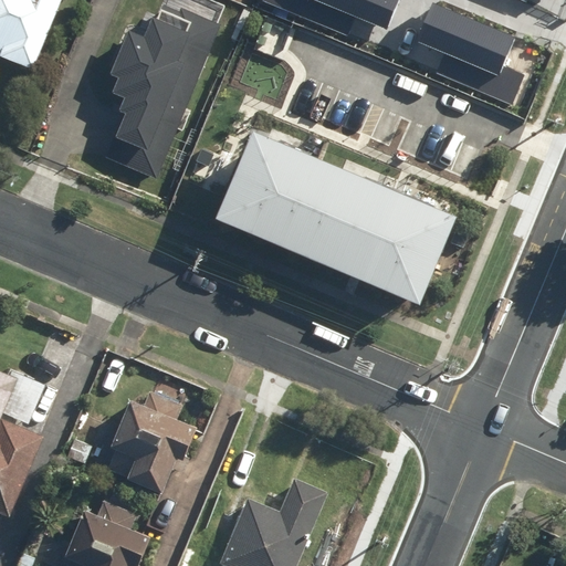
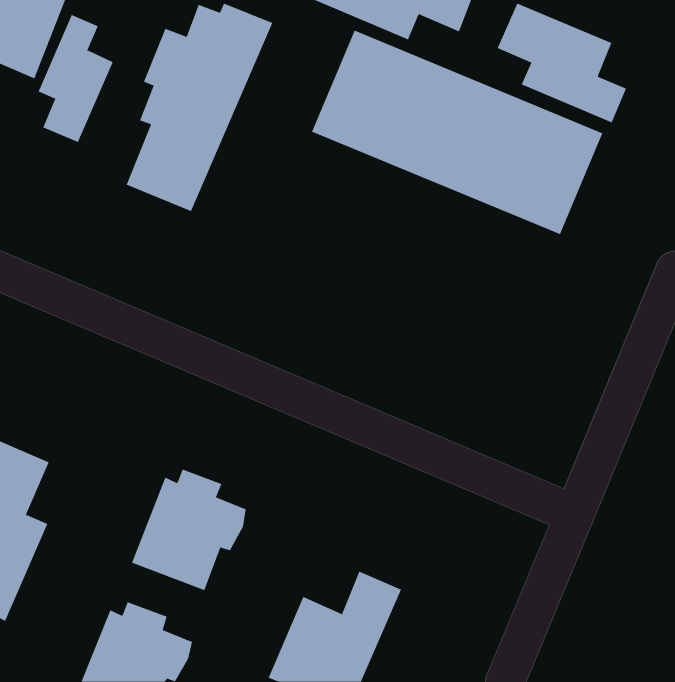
building: none -> [38,14,114,143]
building: [208,132,449,301] -> [311,30,603,235]

